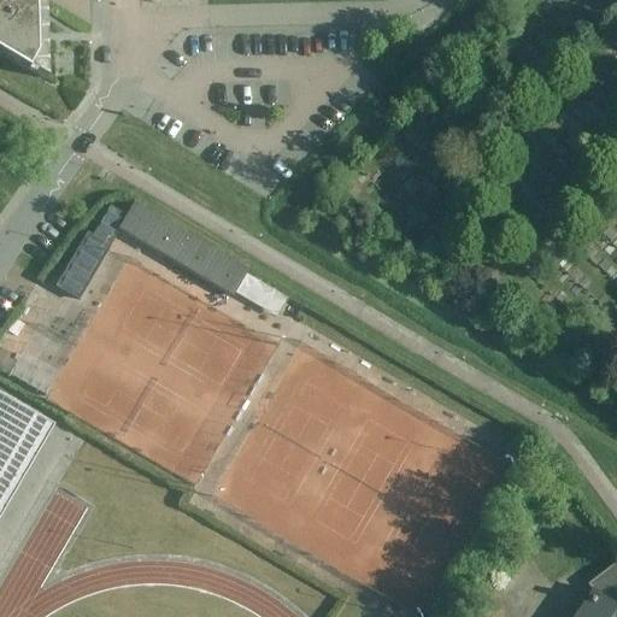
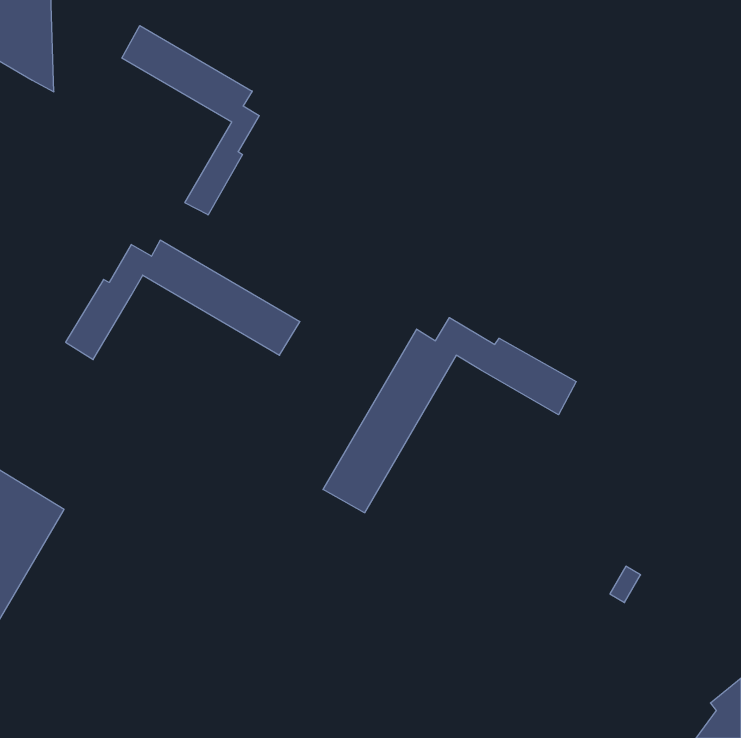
building: none -> [122,26,259,215]
building: none -> [323,318,576,513]

